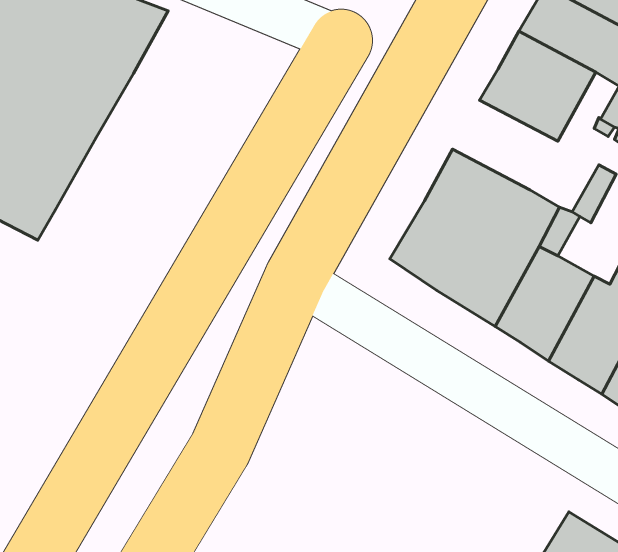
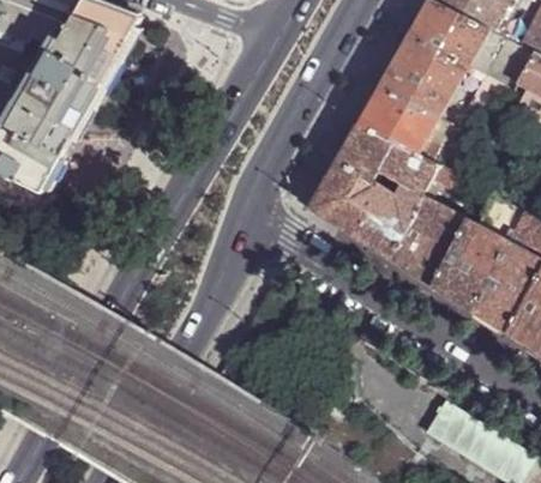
building: none -> [359,87,439,156]

